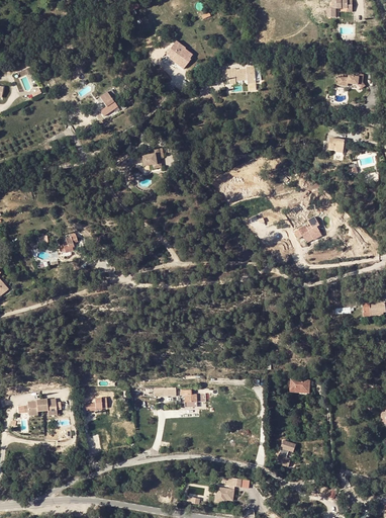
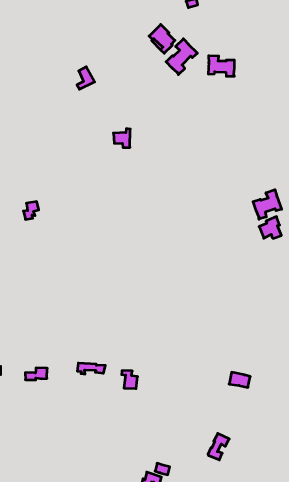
building: none -> [166,39,197,75]
building: none -> [253,190,282,219]

